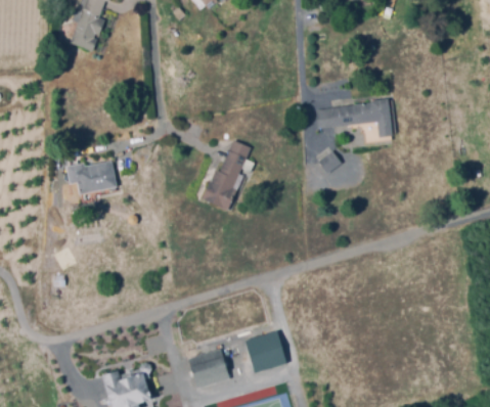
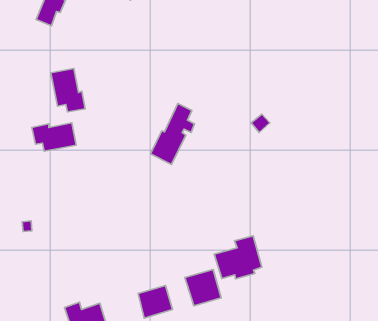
building: [316,98,391,137] -> none
building: none -> [51,68,85,112]
building: none -> [214,236,262,279]

